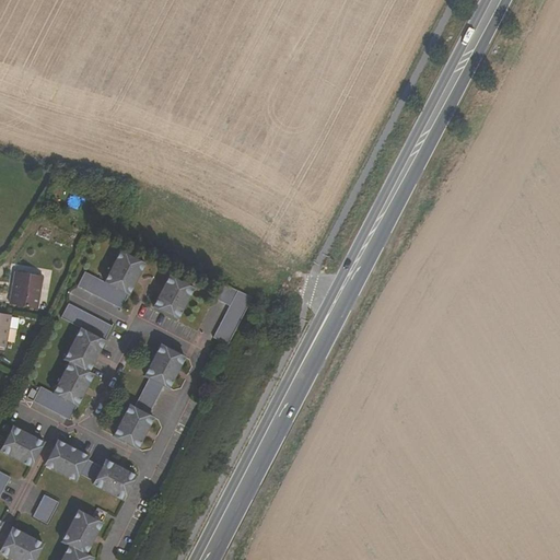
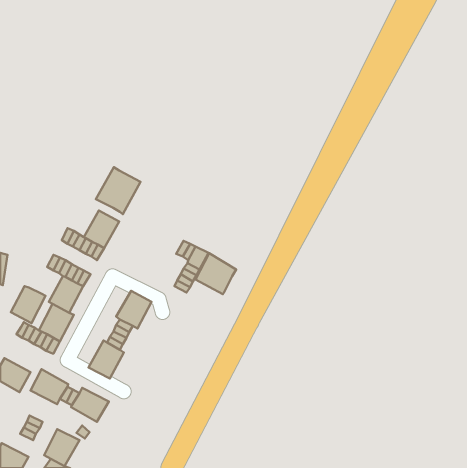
building: none -> [96,167,141,214]
building: [10,256,45,294] -> none
building: [153,275,195,320] -> none
building: none -> [196,253,236,294]
building: none -> [11,286,45,323]

